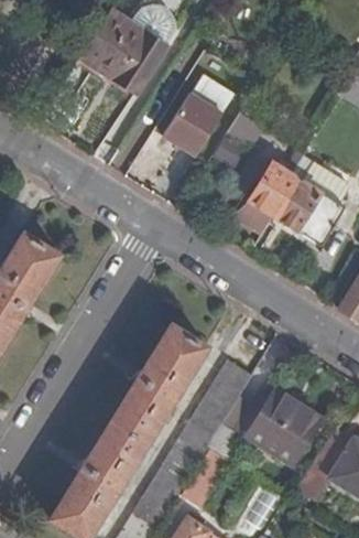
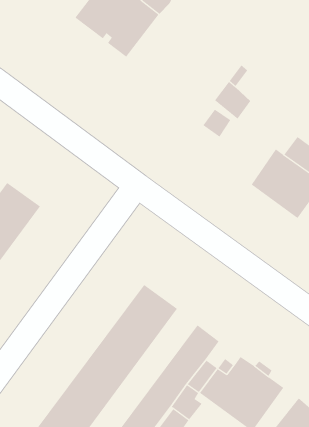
building: [161,79,233,155] -> none
building: [236,150,305,233] -> none

